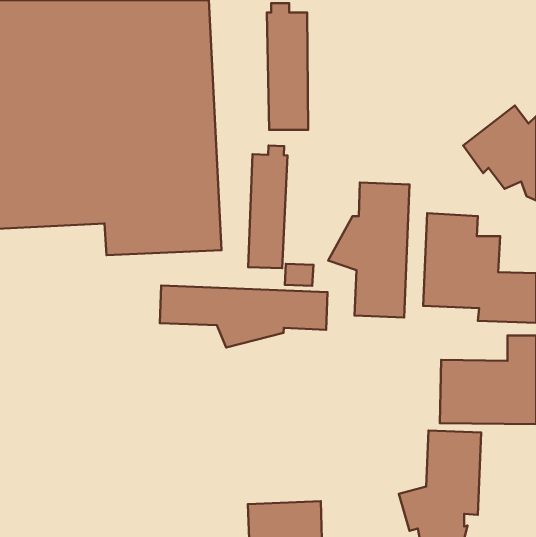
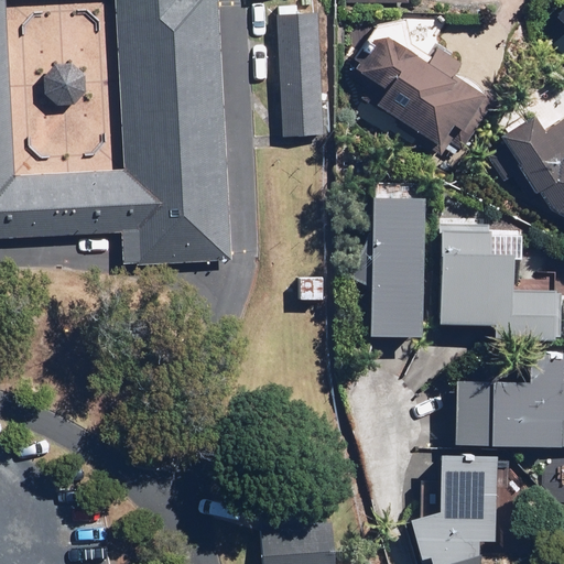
building: none -> [349,28,492,156]
building: [248,146,288,268] -> none
building: [160,286,327,348] -> none

